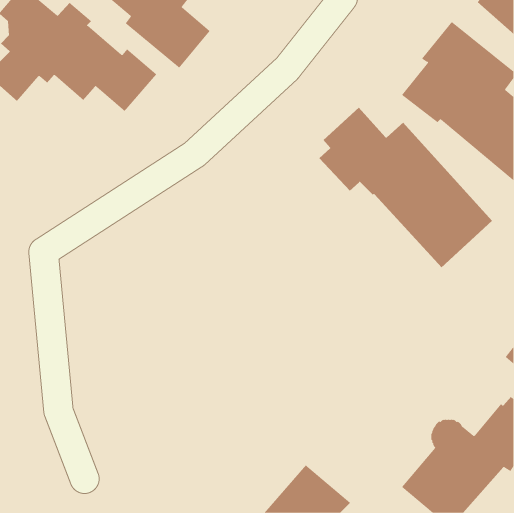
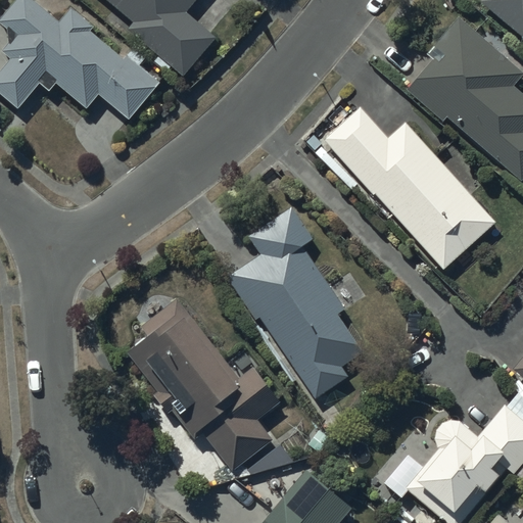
building: none -> [228,209,364,400]
building: none -> [125,299,280,471]

